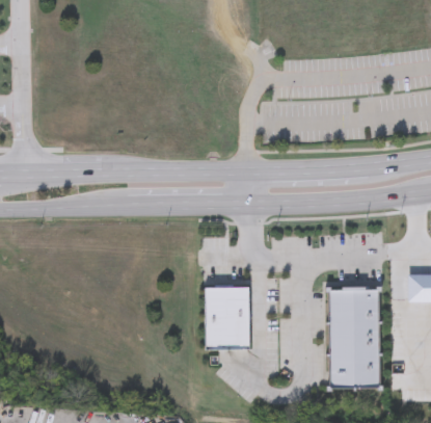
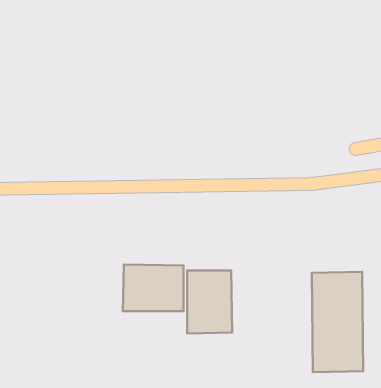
building: none -> [123,264,183,311]

